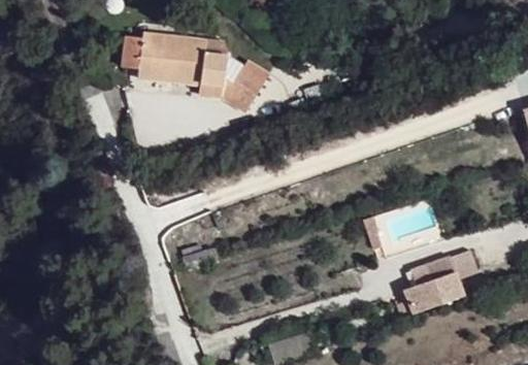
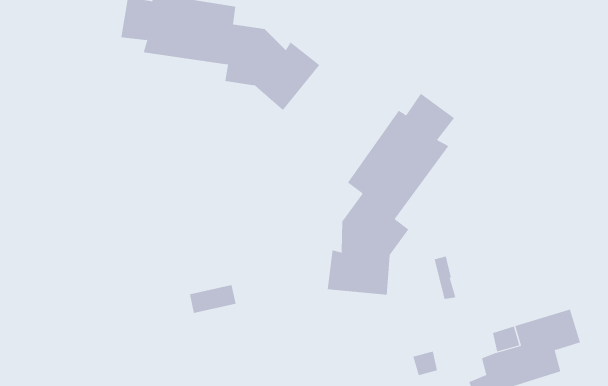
building: none -> [327,93,455,295]

